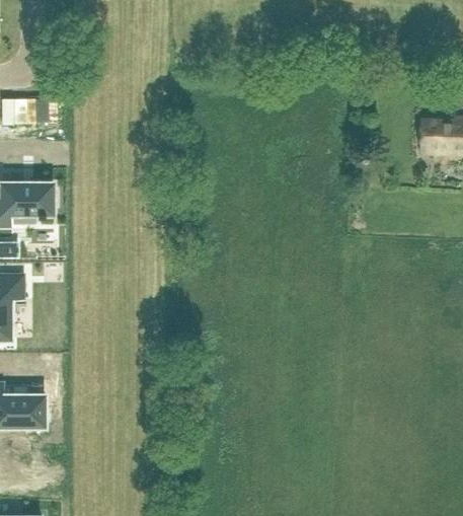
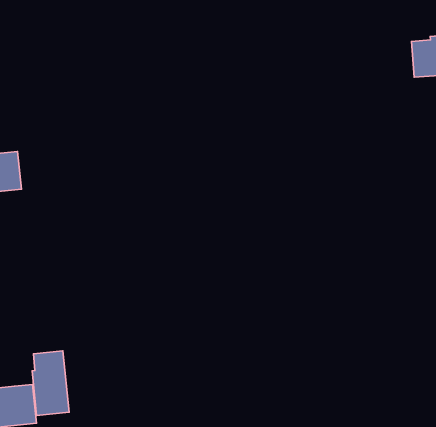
building: none -> [32,351,69,415]

